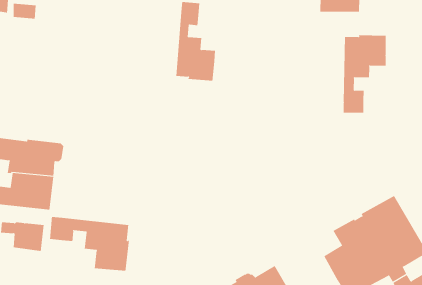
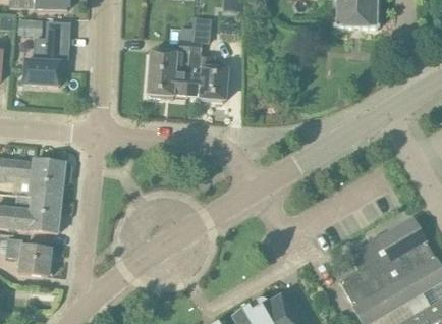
building: none -> [23,20,69,85]
building: none -> [147,26,191,95]
building: [343,34,386,113] -> none
building: [49,216,129,272] -> none

